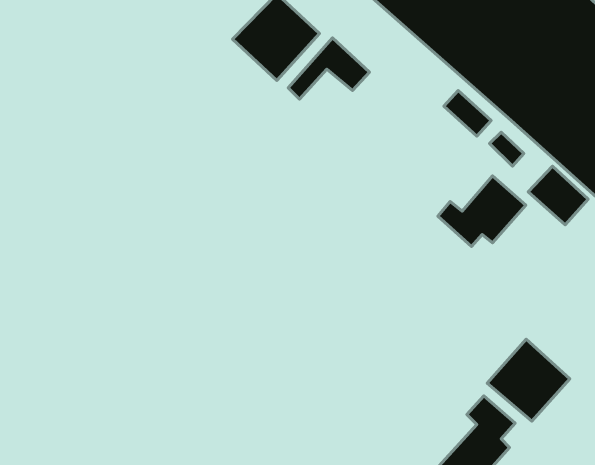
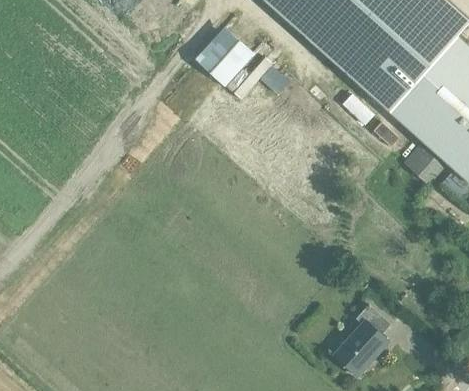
building: [438,176,526,247] -> none
building: [487,339,570,421] -> none

